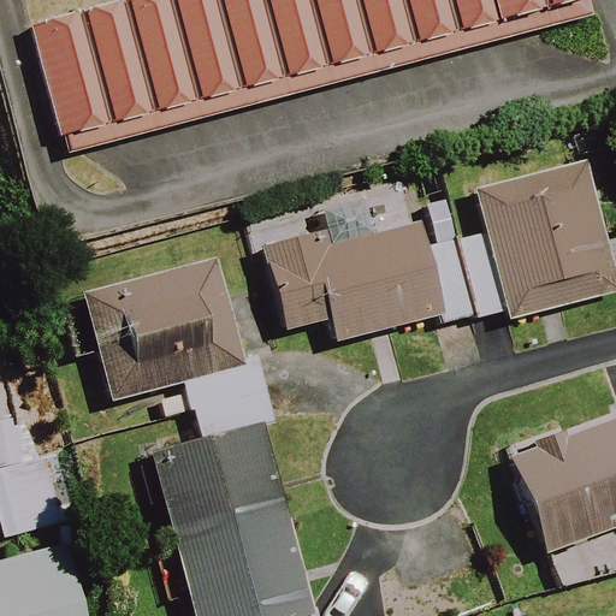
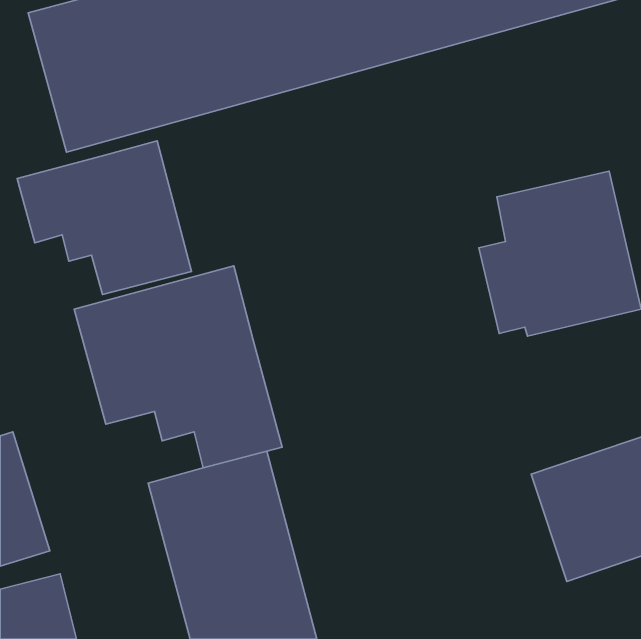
building: none -> [17,141,192,295]
building: [267,219,481,339] -> none

